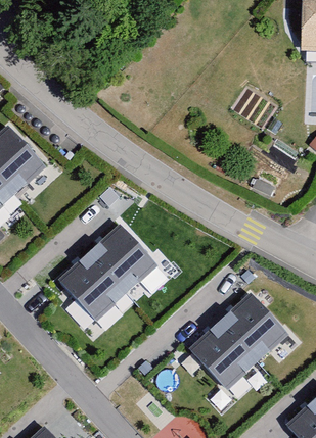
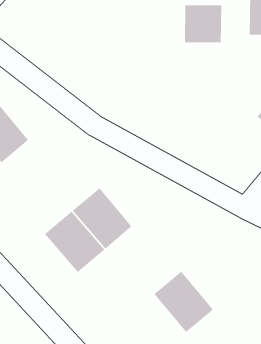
building: none -> [184,4,222,43]
building: [221,291,289,361] -> none

